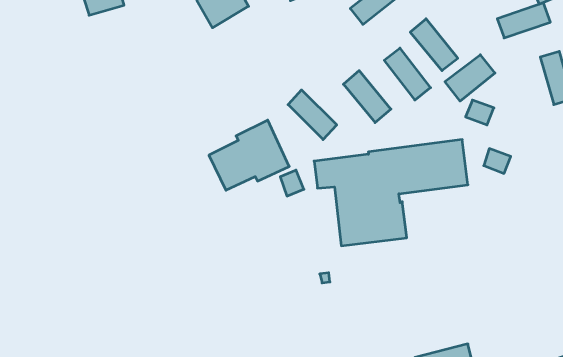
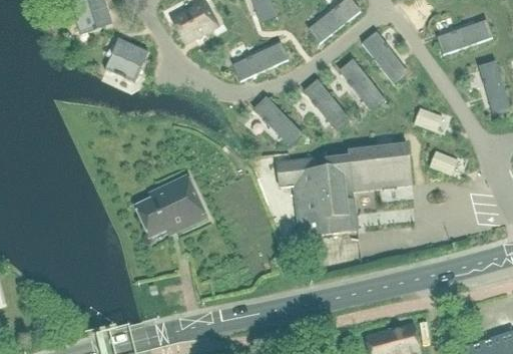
building: none -> [104,37,147,80]
building: none -> [236,43,285,78]
building: [445,55,495,101] -> none
building: [209,120,289,190] -> [135,174,206,237]

